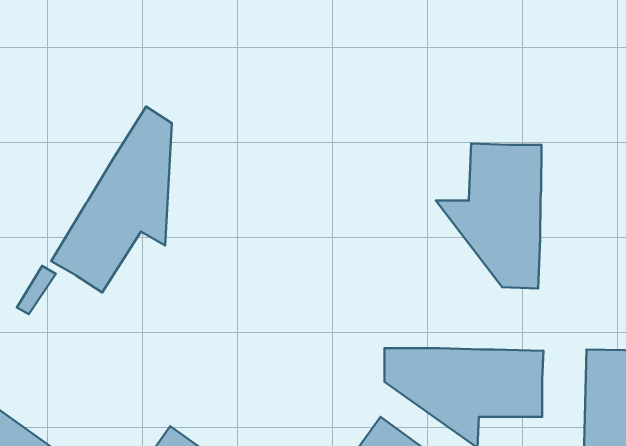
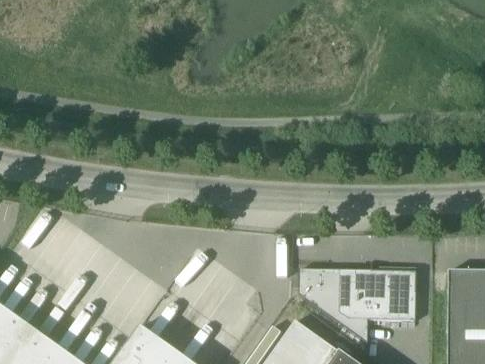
building: [51,107,172,292] -> none
building: [436,143,542,288] -> none

